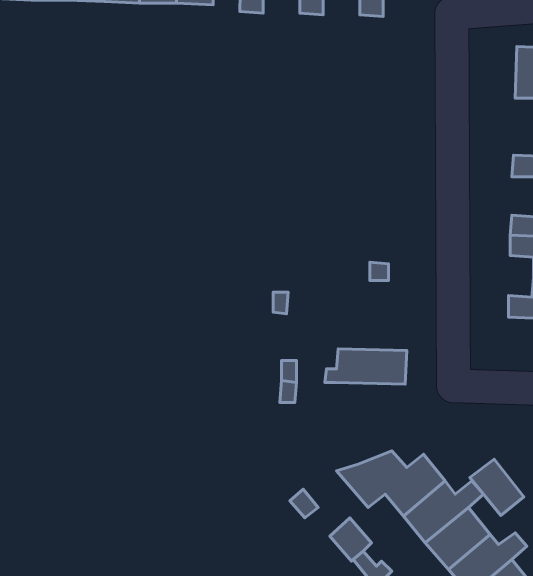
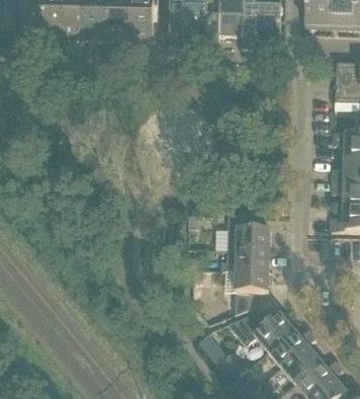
building: none -> [229,213,270,249]
building: none -> [227,268,269,313]
building: [470,459,524,515] -> none

